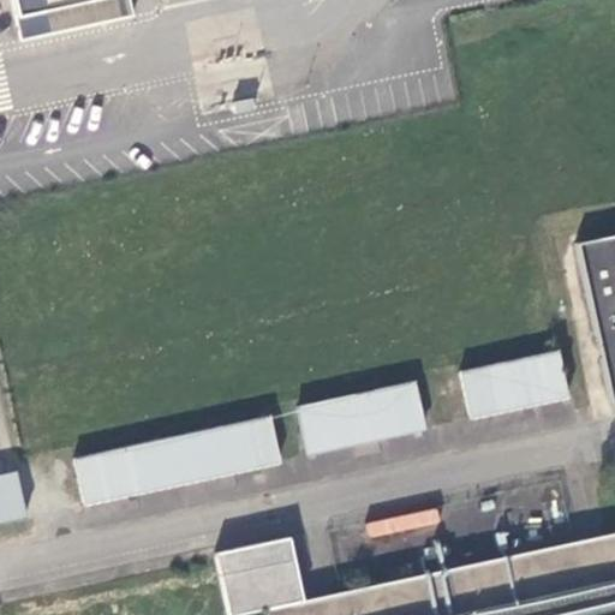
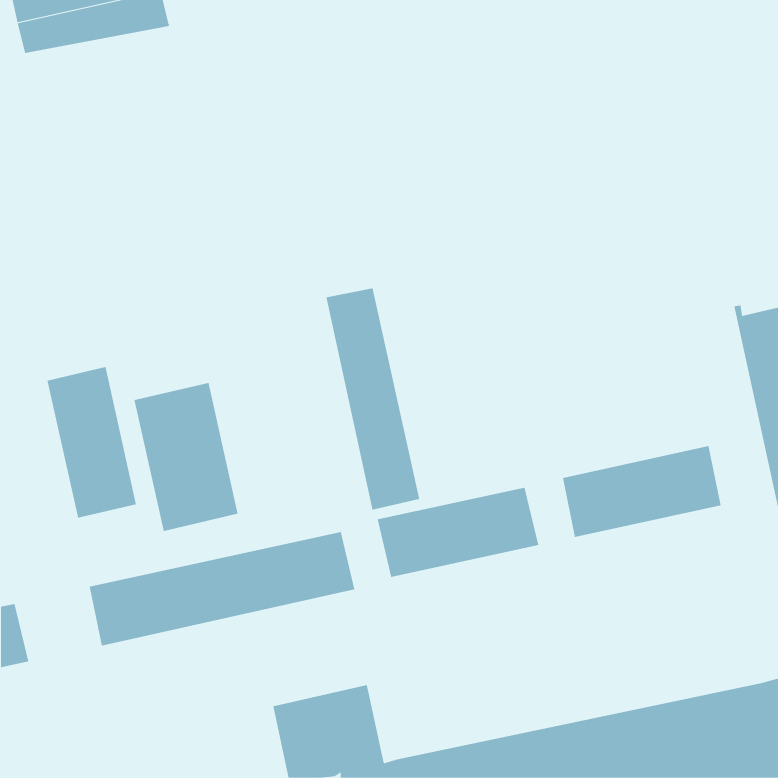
building: none -> [326,287,420,511]
building: none -> [47,366,137,519]
building: none -> [134,382,238,532]

